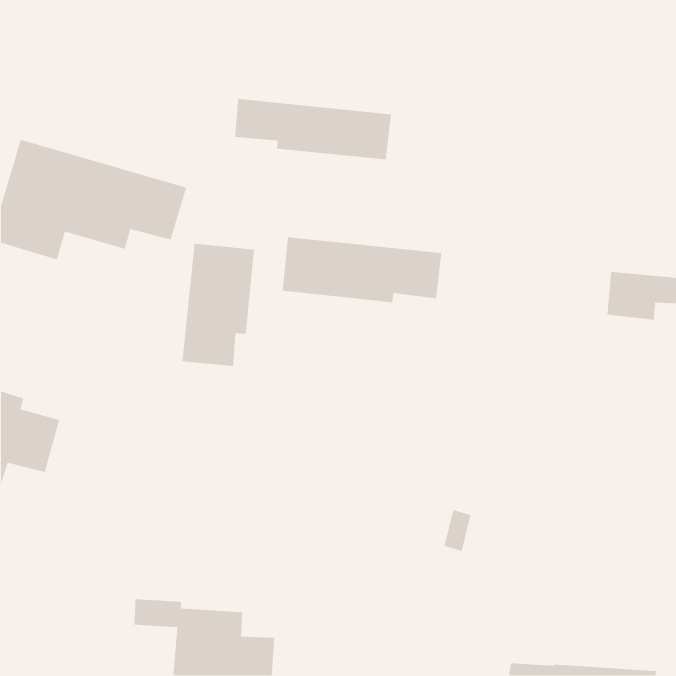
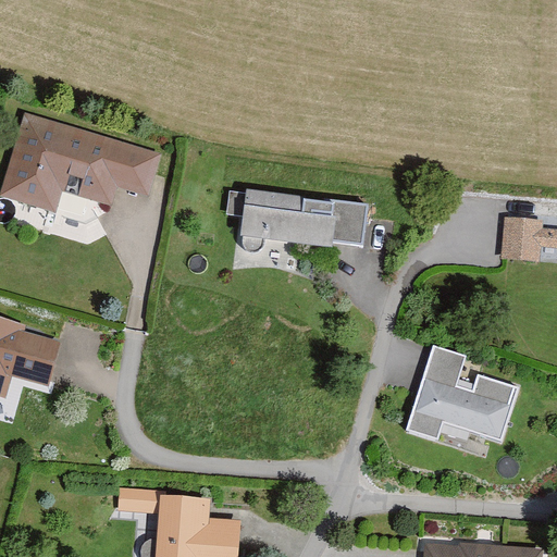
building: [234,98,392,160] -> none
building: [181,243,255,367] -> none
building: none -> [417,342,528,441]

